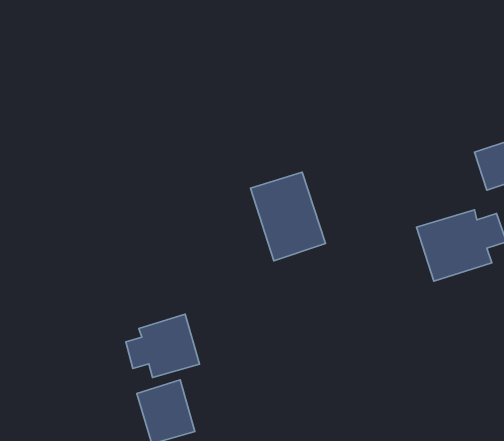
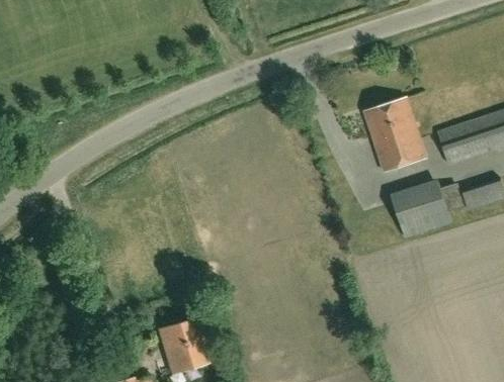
building: [250,172,326,261] -> [363,98,425,171]
building: [126,314,200,378] -> none

